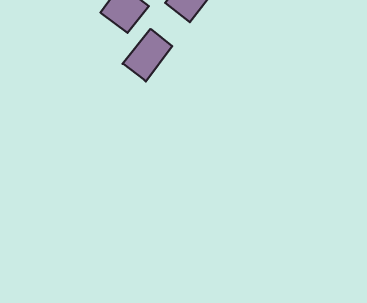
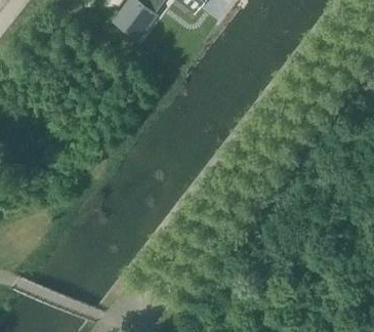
building: [123,29,172,82] -> none

